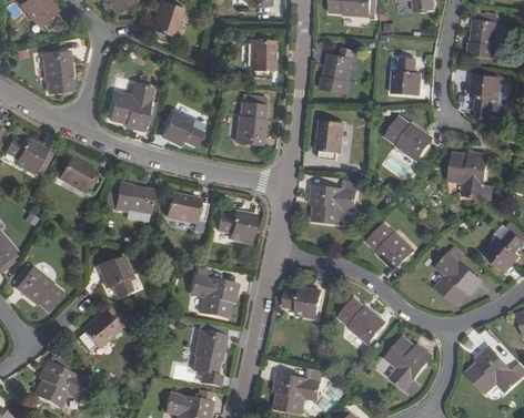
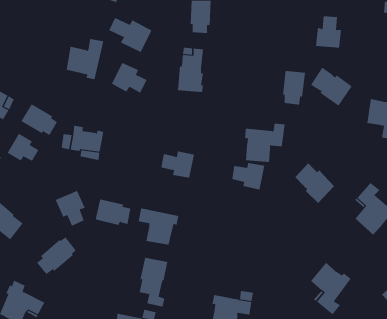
building: [41,50,71,92] -> none
building: [319,54,351,93] -> none
building: none -> [108,17,152,53]
building: [316,121,343,160] -> [282,71,306,105]
building: none -> [7,133,39,162]
building: [167,192,208,222] -> [95,199,131,225]
building: [283,286,321,317] -> [232,163,265,190]
building: [337,297,385,341] -> none

